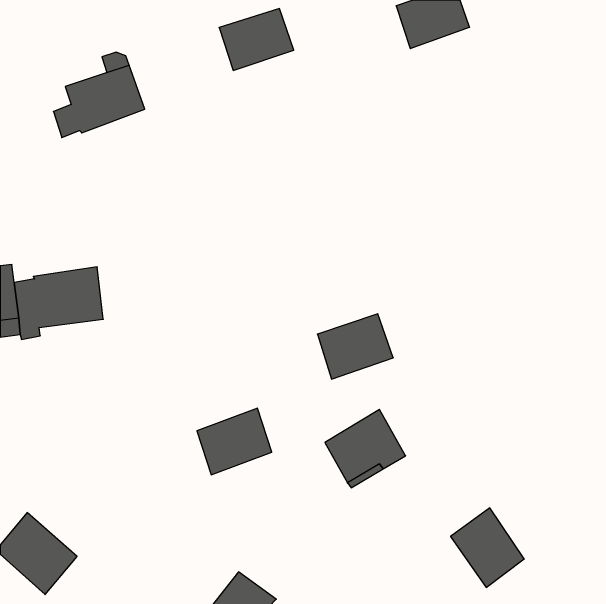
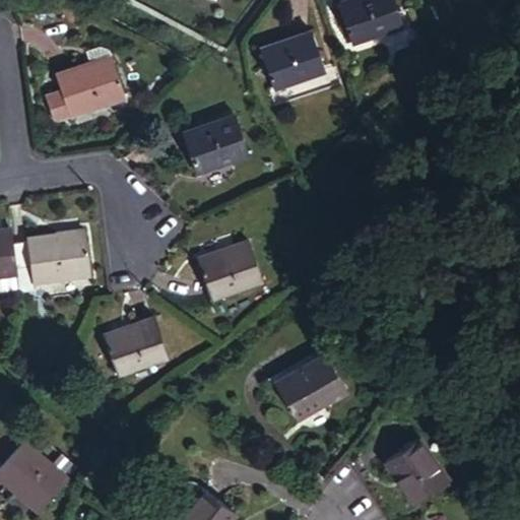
building: [219,9,294,70] -> [261,35,325,87]
building: none -> [184,117,248,172]
building: [317,314,393,379] -> [198,243,263,299]
building: [197,408,272,475] -> [105,318,169,375]

